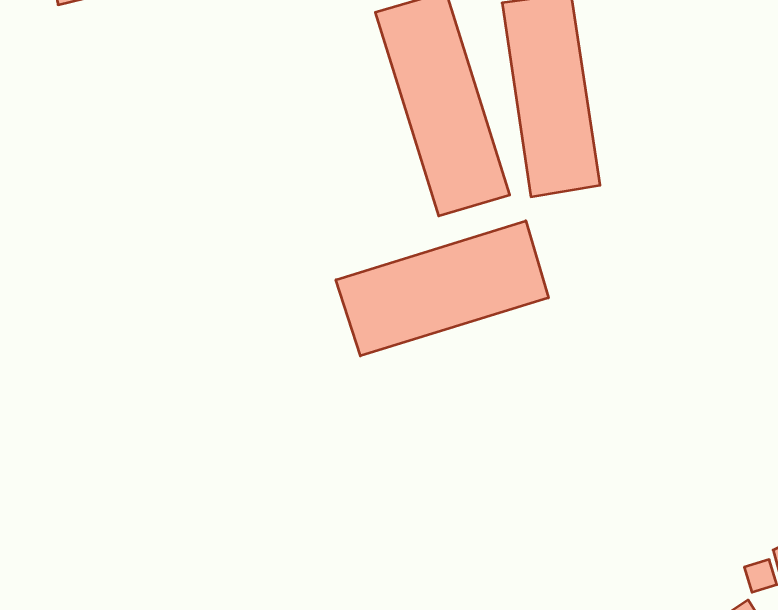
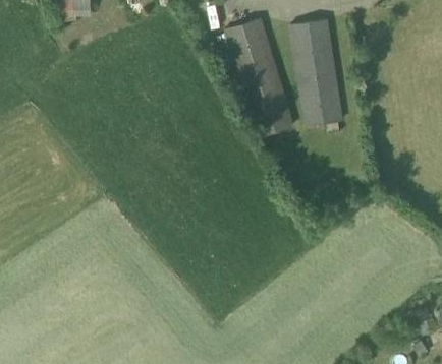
building: [336,221,548,356] -> none

